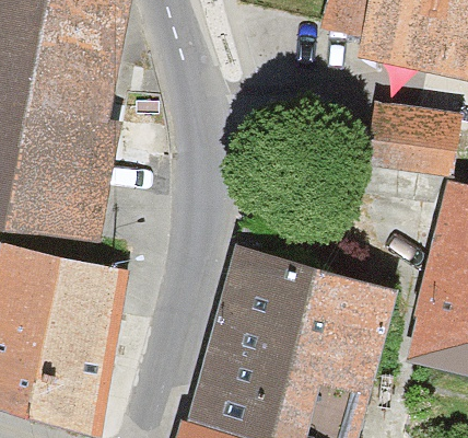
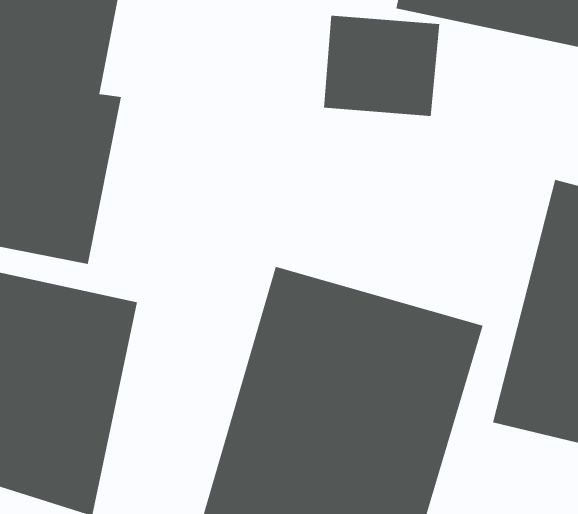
building: [368,100,457,176] -> [323,15,440,116]

